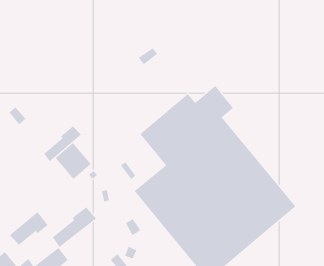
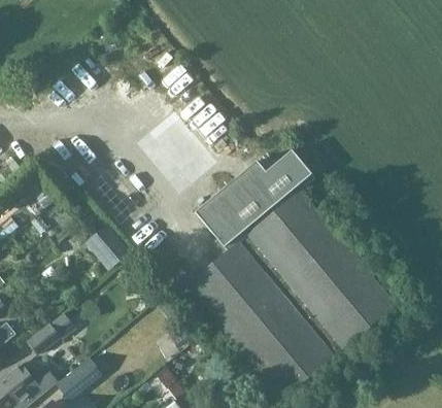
building: [43,126,82,162] -> none
building: [52,207,97,248] -> none

